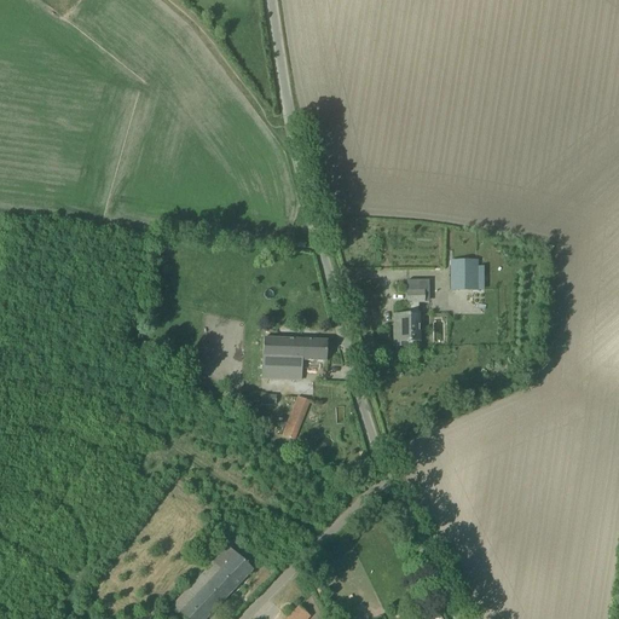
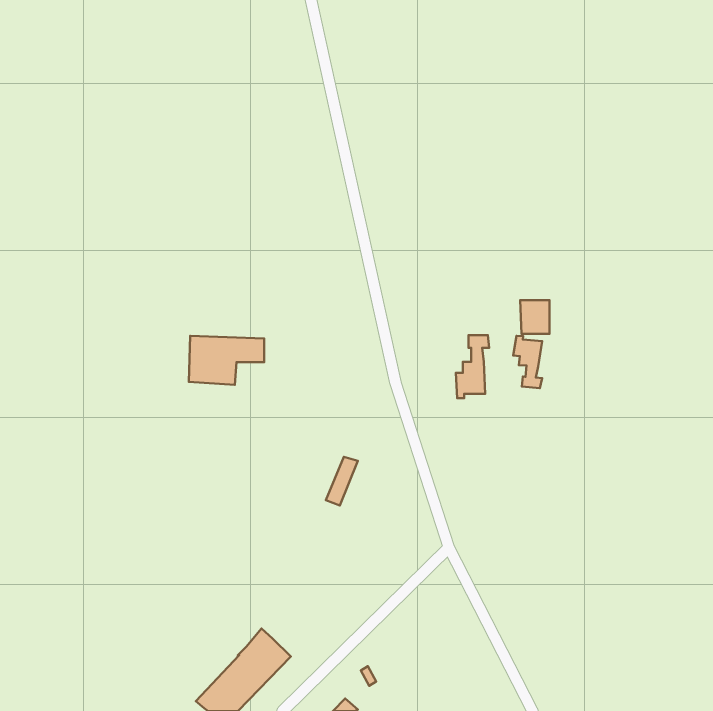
building: none -> [513,336,542,388]
building: [262,336,328,378] -> [189,336,264,385]

